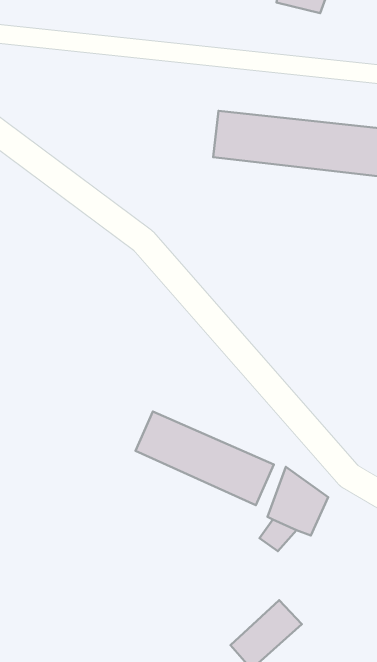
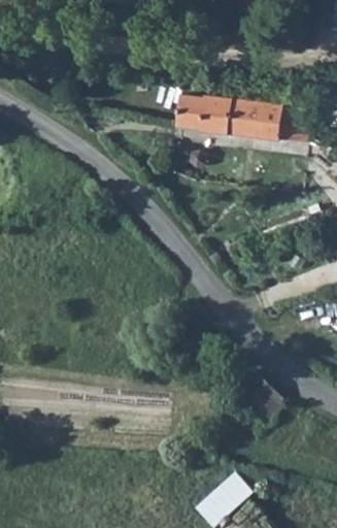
building: [136,411,274,505] -> none

